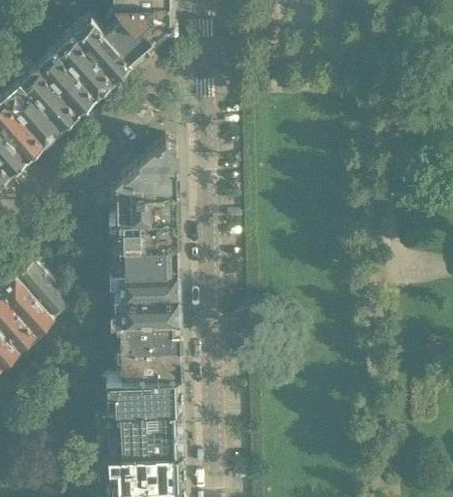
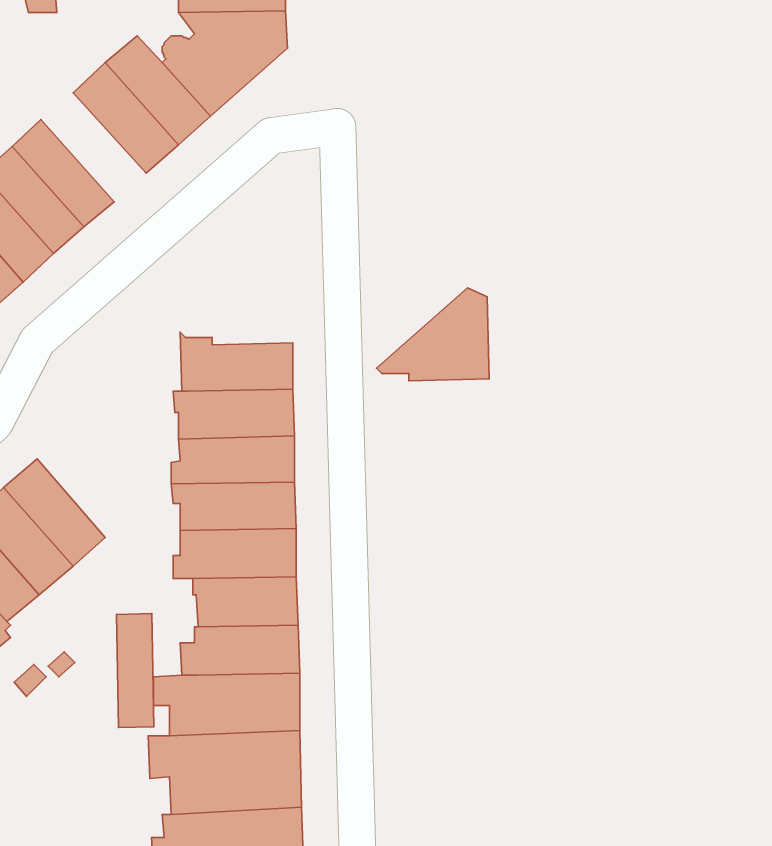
building: [34,58,93,119] -> none
building: [112,147,175,199] -> [377,288,489,381]
building: none -> [117,614,154,728]

